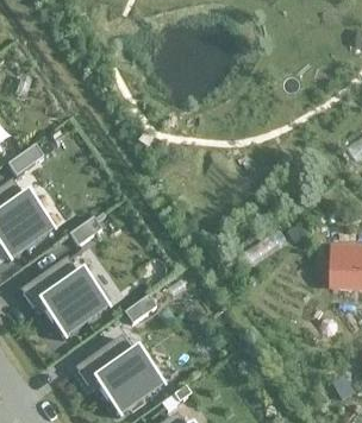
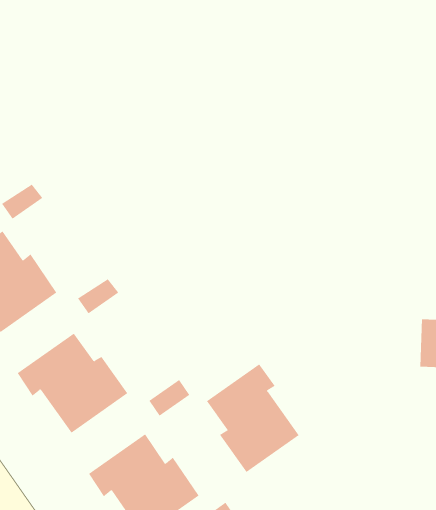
building: none -> [206,364,300,473]

